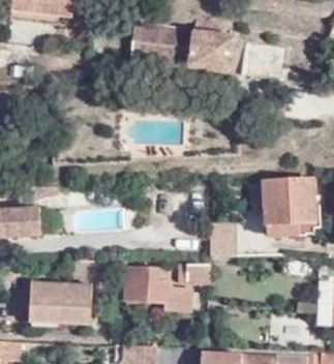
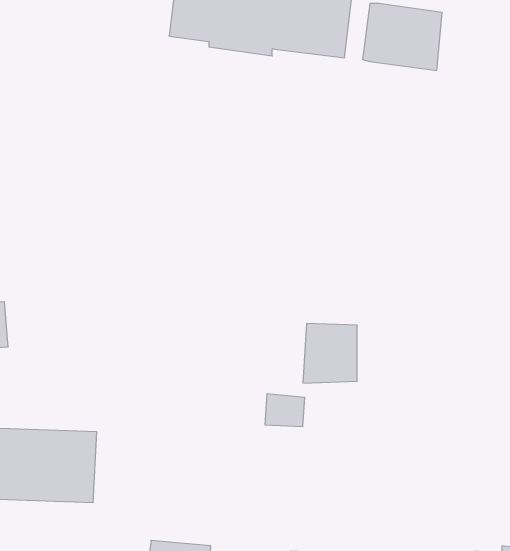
building: [264,177,316,235] -> none
building: [127,265,192,309] -> none

